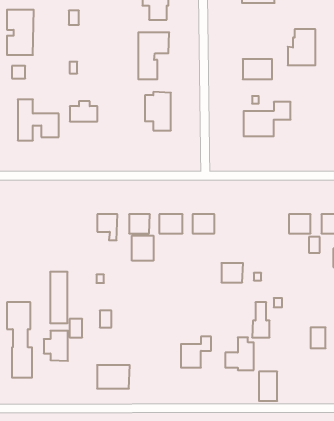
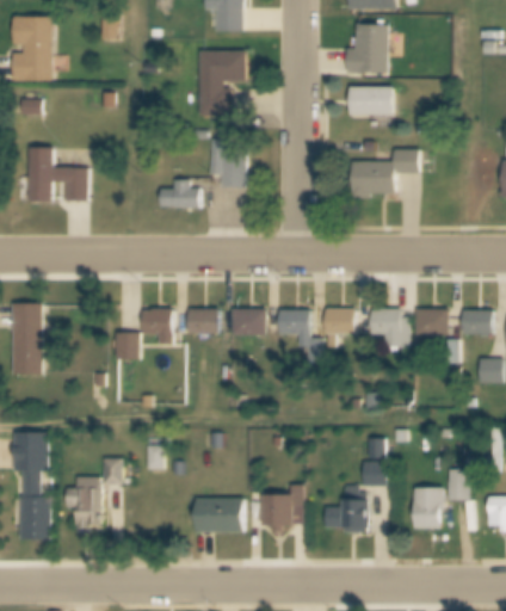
building: [288,29,315,65] -> [347,24,387,75]
building: [70,101,97,121] -> [160,181,199,210]
building: none -> [370,309,409,351]
building: none -> [115,332,136,359]
building: [132,236,153,261] -> none
building: [221,263,243,282] -> [325,309,356,337]
building: [50,272,68,323] -> [14,306,39,378]
building: [97,365,130,389] -> [196,498,242,531]
building: [259,372,277,401] -> [413,487,439,529]

